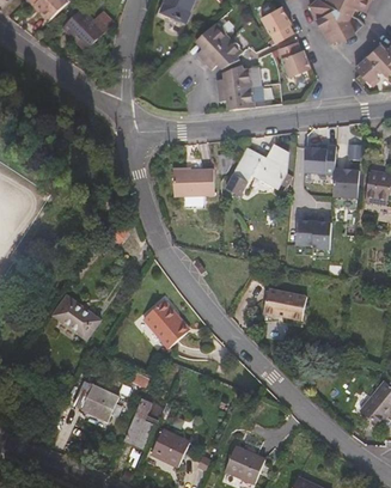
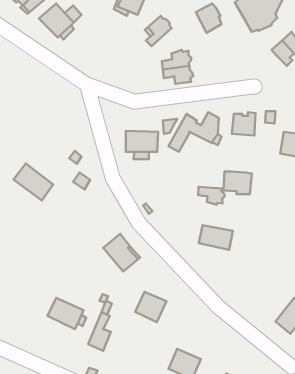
building: [203,38,243,69] -> none
building: [277,42,310,74] -> none
building: [332,170,359,197] -> none
building: none -> [198,187,225,205]
building: [50,293,100,340] -> [13,164,53,200]
building: [151,428,190,466] -> [135,292,166,322]

